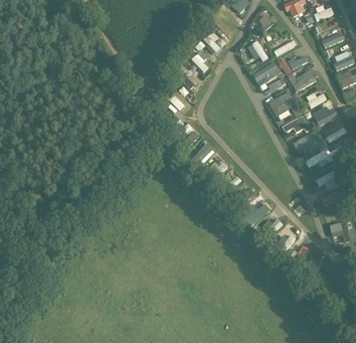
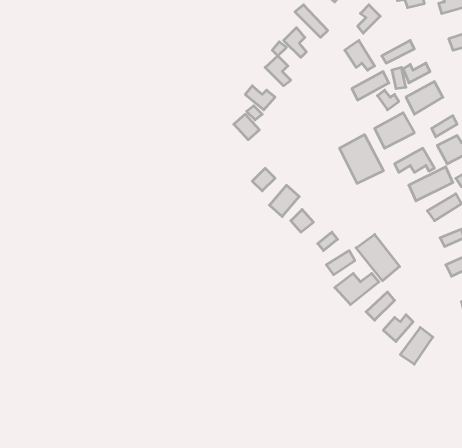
building: none -> [340,135,383,183]
building: none -> [356,234,400,281]

